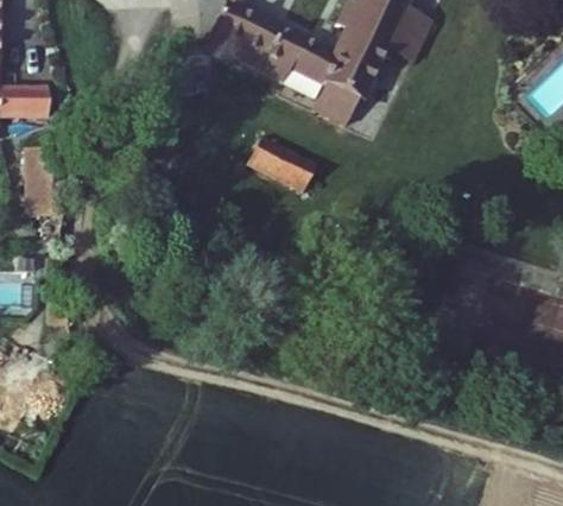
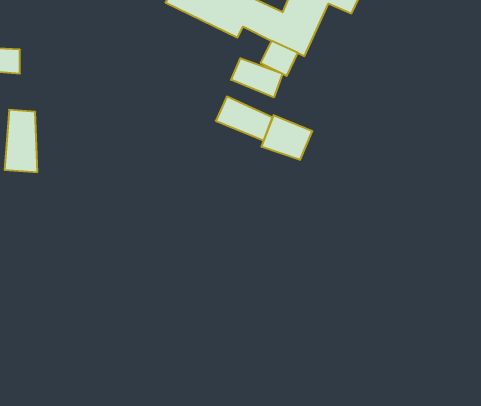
building: none -> [231,58,283,97]
building: none -> [262,115,312,160]

